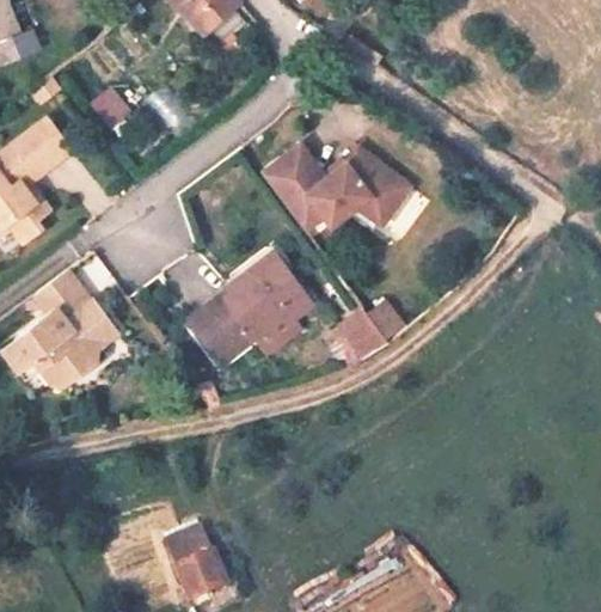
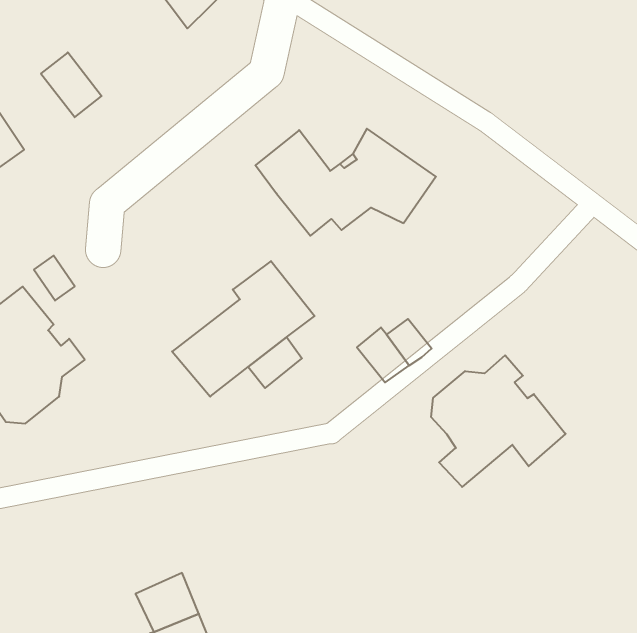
building: none -> [431,355,566,487]

